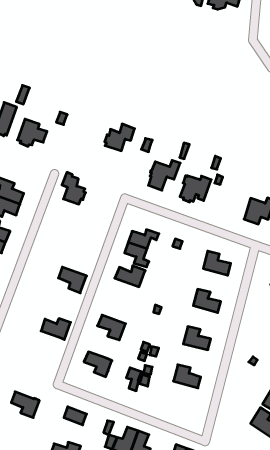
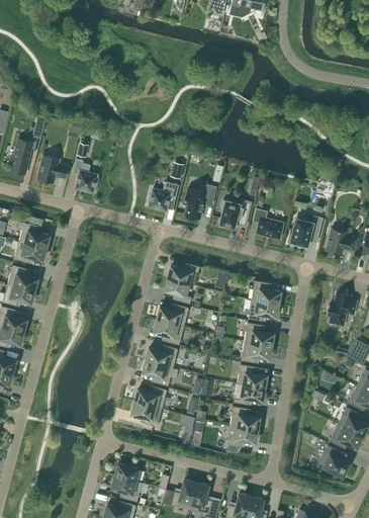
building: [105,124,135,151] -> [148,181,179,210]
building: [62,172,86,204] -> [73,159,99,192]
building: none -> [253,208,283,239]
building: [58,267,87,293] -> [154,319,184,345]
building: none -> [249,299,279,321]
building: none -> [147,345,178,367]
building: none -> [242,341,272,362]
building: [41,319,71,340] -> [135,386,167,409]
building: none -> [235,384,265,405]
building: none -> [227,425,258,446]
building: [11,392,39,418] -> [112,476,143,502]

